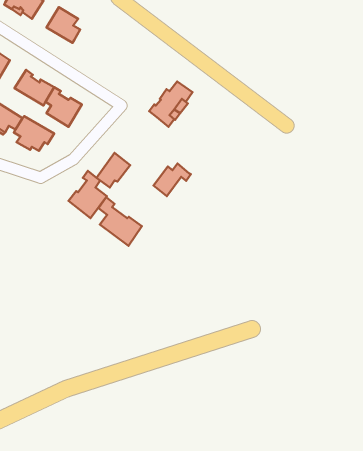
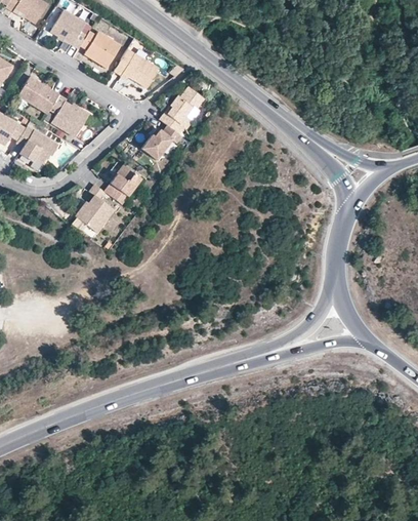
building: none -> [81,30,121,68]
building: none -> [114,48,159,87]
building: [153,163,191,196] -> [143,127,183,162]
building: [98,197,142,246] -> none

